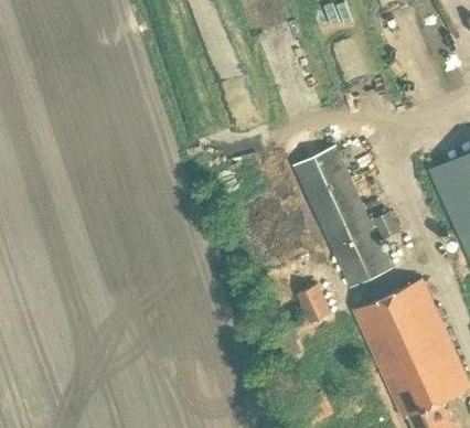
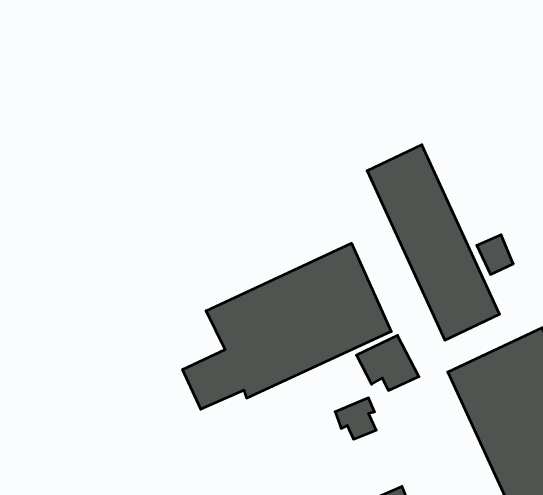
building: none -> [183,243,391,409]

